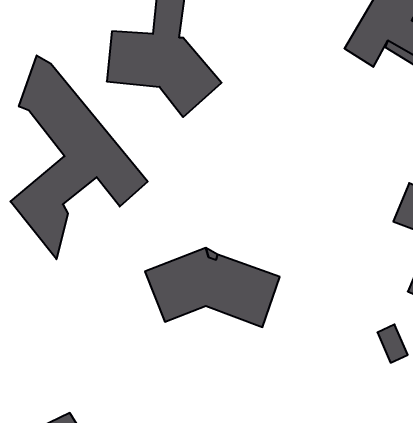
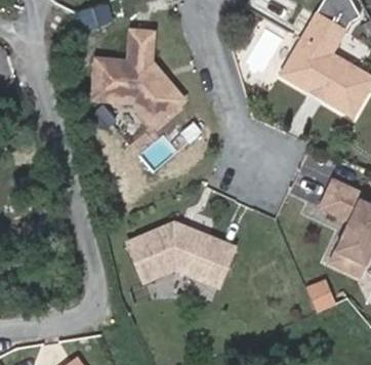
building: [10,55,148,259] -> none

